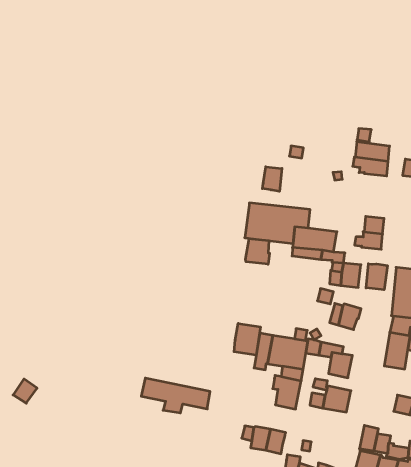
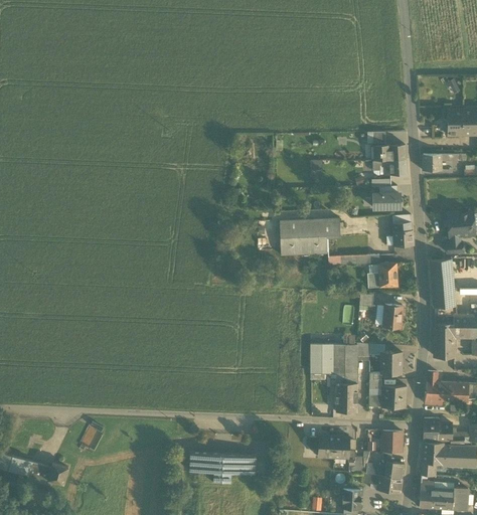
building: [262,167,282,191] -> none
building: none -> [373,193,401,208]
building: [245,238,270,264] -> none
building: [366,264,387,290] -> none
building: [234,323,260,355] -> none
building: [141,378,210,413] -> [190,454,256,482]
building: none -> [426,372,452,405]
building: none -> [381,431,403,452]

